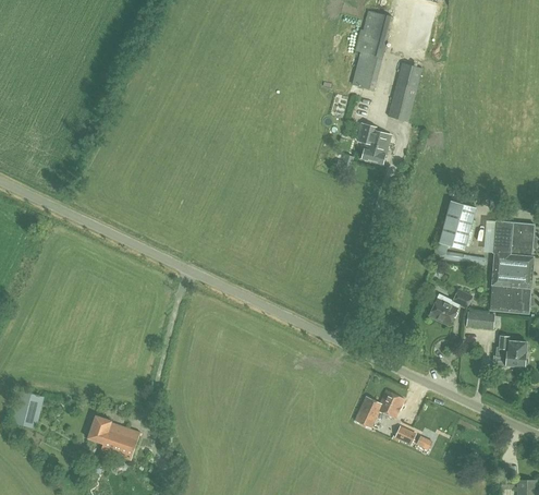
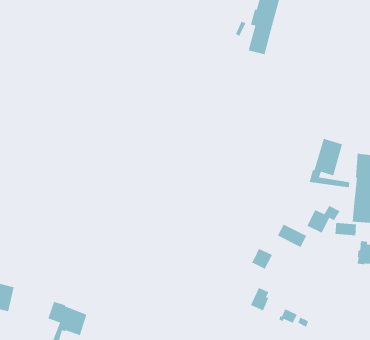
building: [387,61,421,121] -> none
building: [357,123,391,165] -> none
building: none -> [277,224,307,248]
building: [376,389,404,418] -> [251,248,273,270]

